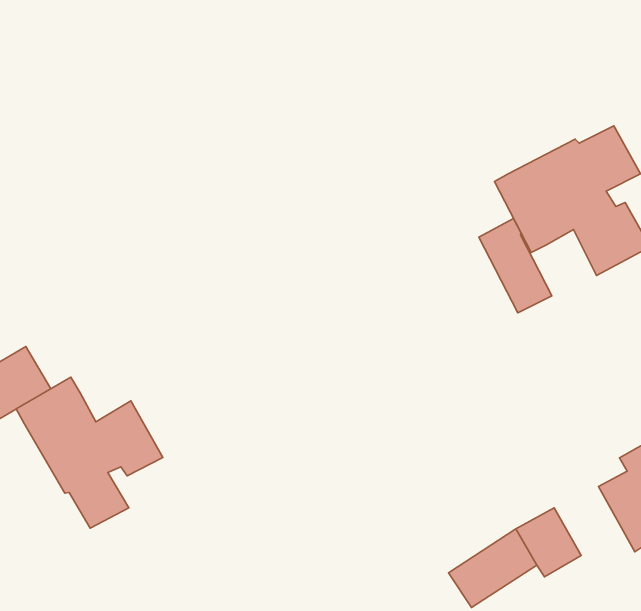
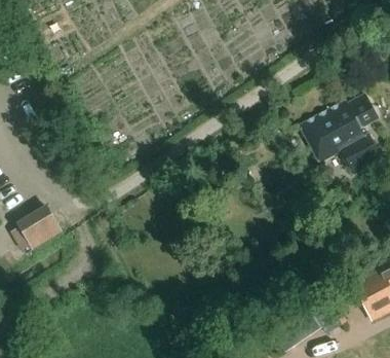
building: [479,219,552,313] -> none
building: [16,377,163,528] -> none

